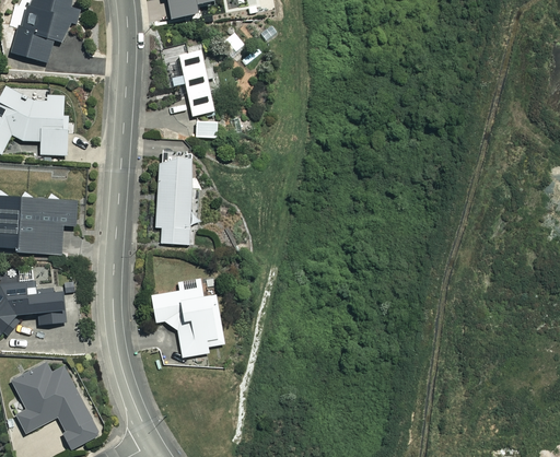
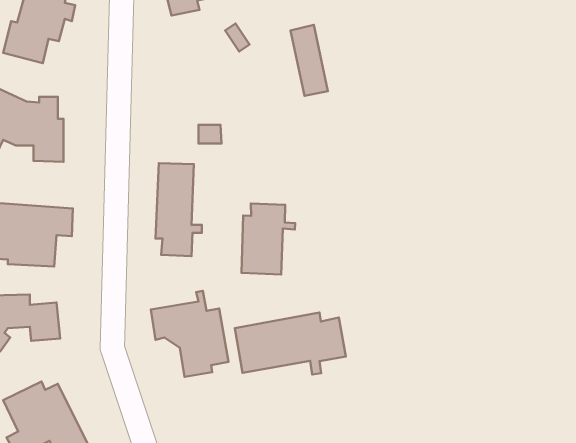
building: [178,48,213,115] -> [291,25,328,96]
building: none -> [242,204,295,274]
building: none -> [235,313,346,374]

